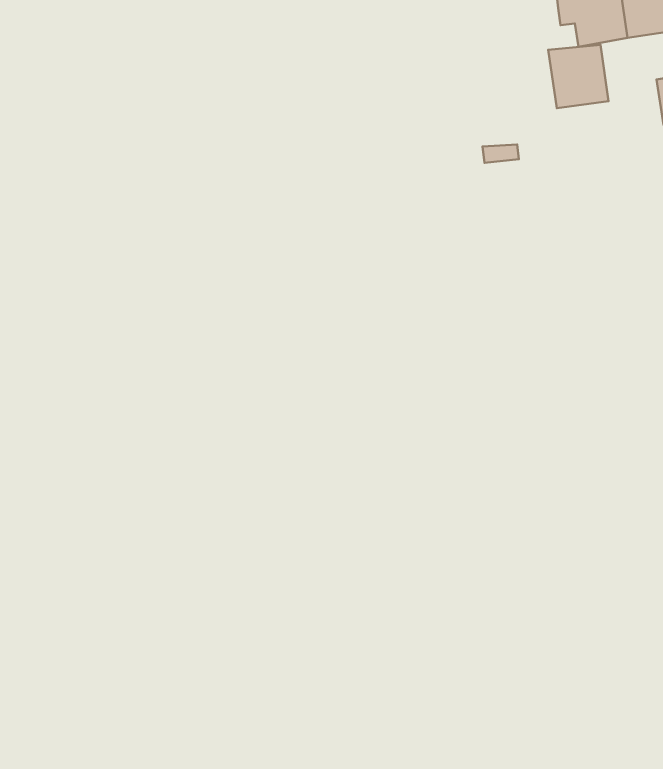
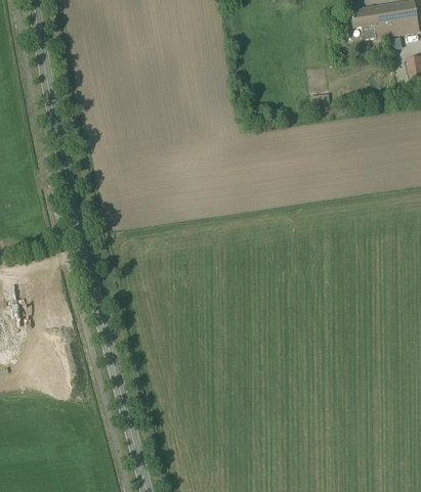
building: [548,45,608,108] -> none

